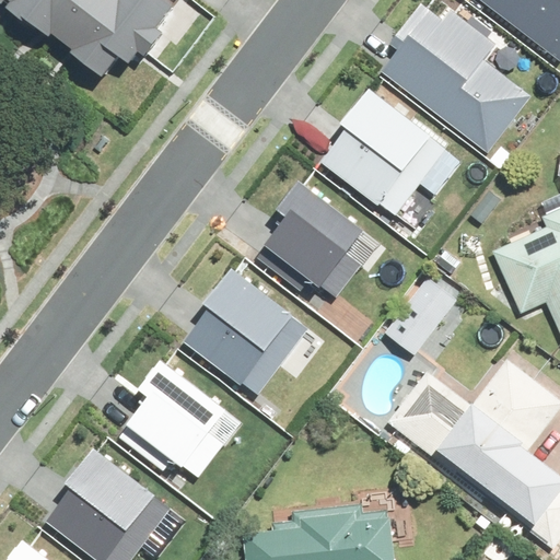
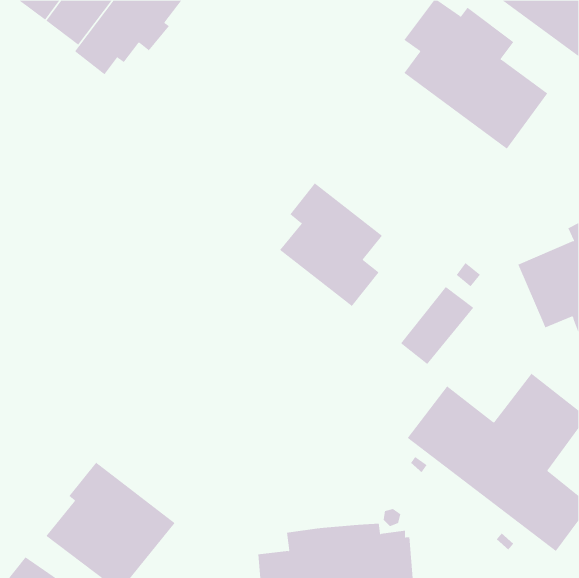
building: [319,91,444,217] -> none
building: [183,269,307,396] -> none
building: [121,357,247,476] -> none

